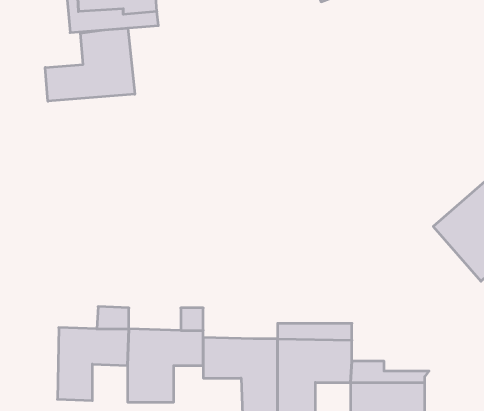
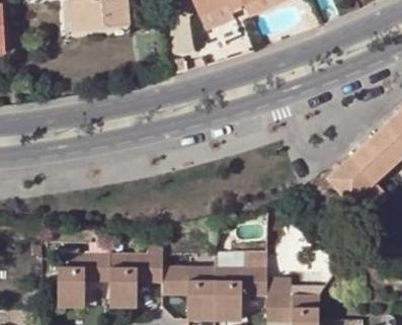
building: [45,28,135,101] -> none

